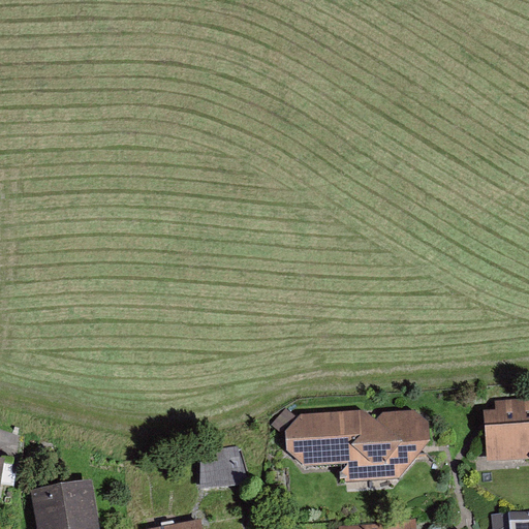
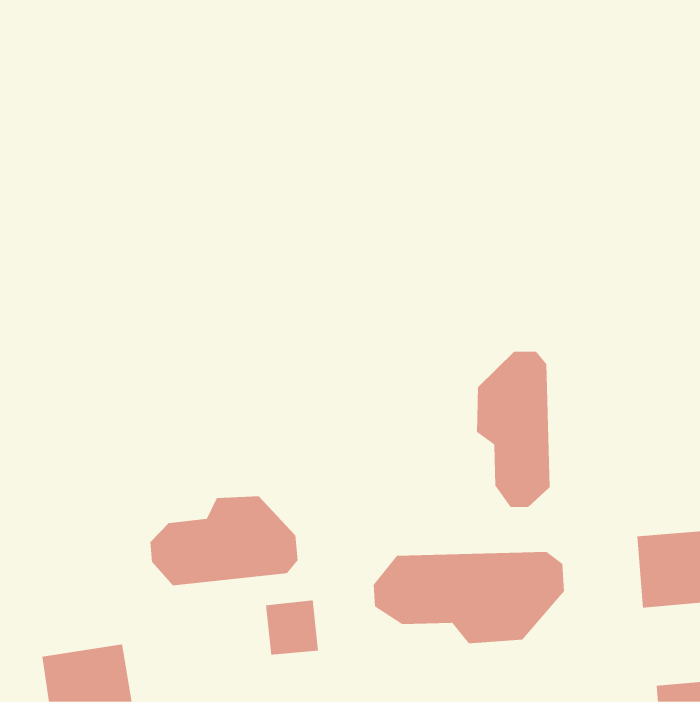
building: none -> [477,351,550,508]
building: none -> [150,495,298,586]

